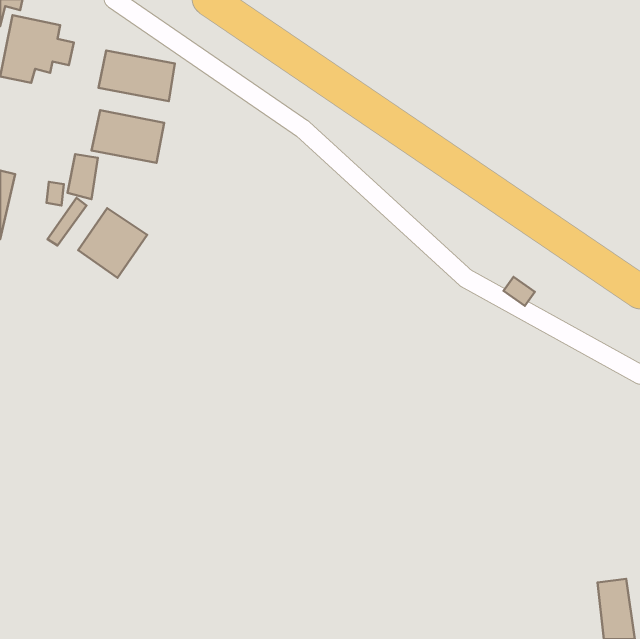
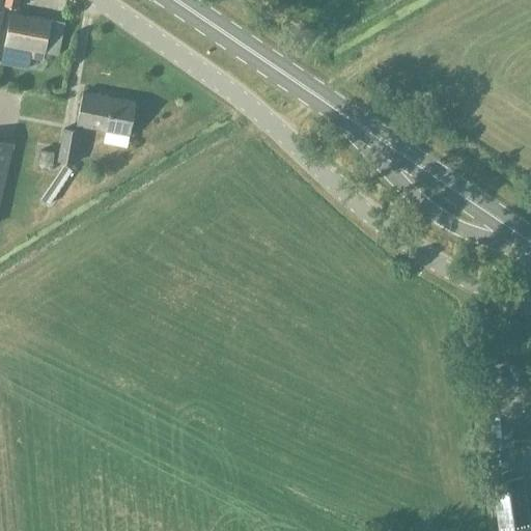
building: [99,51,175,101] -> none
building: [78,208,147,278] -> none

